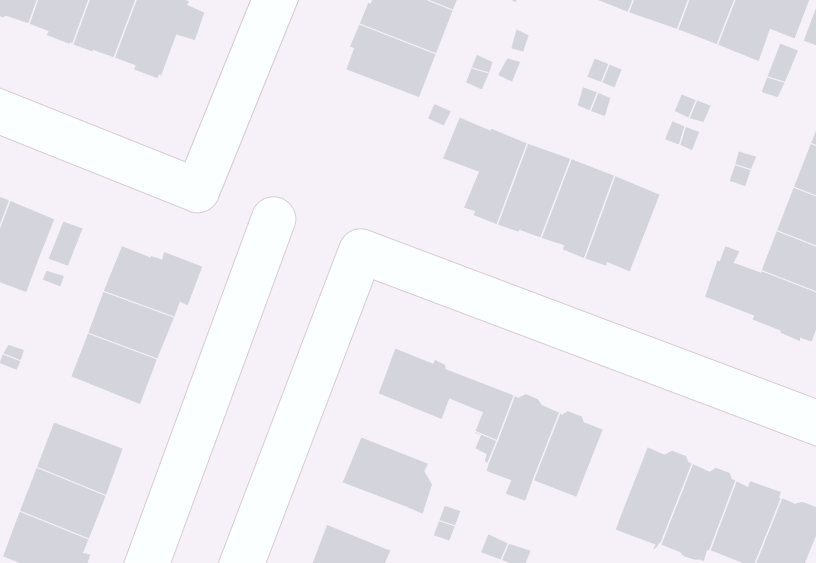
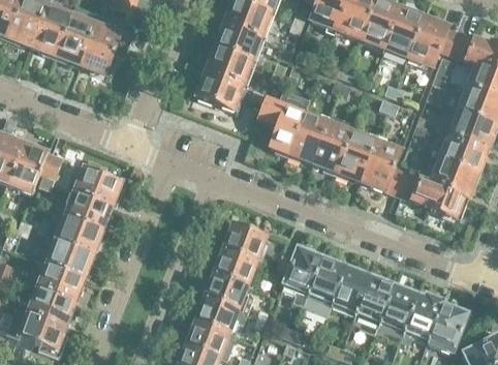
building: none -> [196,70,246,111]
building: none -> [361,139,405,192]
building: none -> [46,238,94,277]
building: none -> [214,247,267,285]
building: none -> [332,266,370,313]
building: none -> [195,296,248,333]

